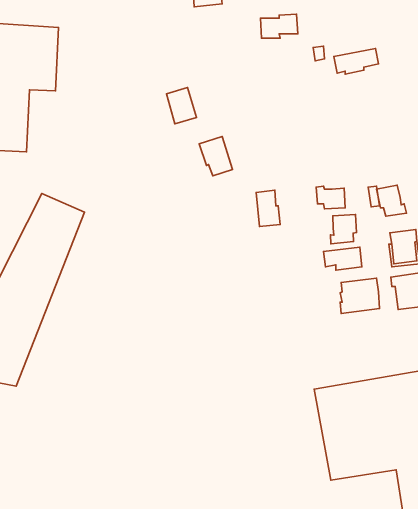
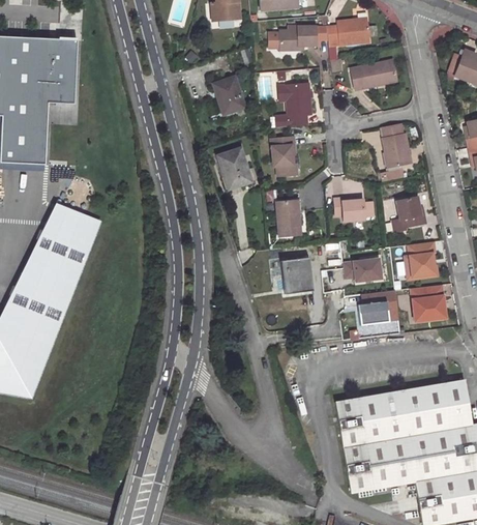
building: none -> [327,19,369,46]
building: none -> [285,83,310,125]
building: [167,88,197,124] -> [213,77,243,113]
building: none -> [379,123,407,168]
building: none -> [269,137,296,176]
building: [330,214,356,244] -> none
building: none -> [281,258,312,294]

